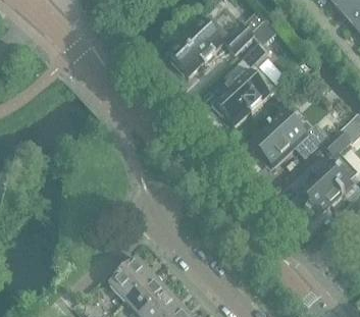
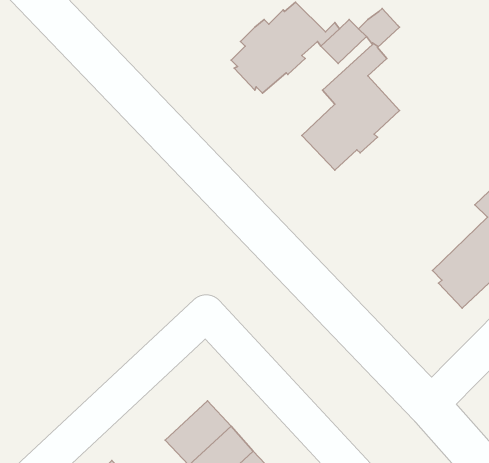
building: [252,112,332,166] -> none
building: [110,258,154,301] -> none

